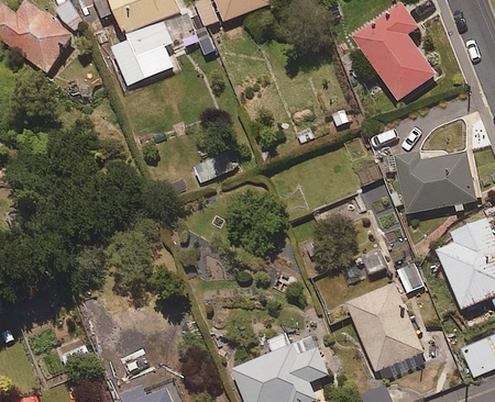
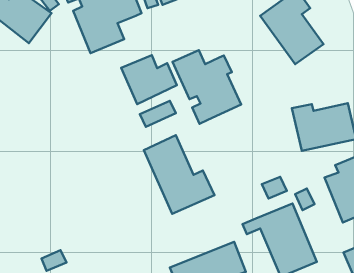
building: none -> [172,50,241,124]
building: none -> [121,55,177,104]
building: none -> [144,135,214,214]

